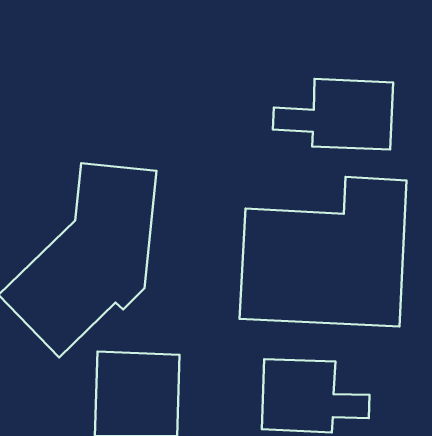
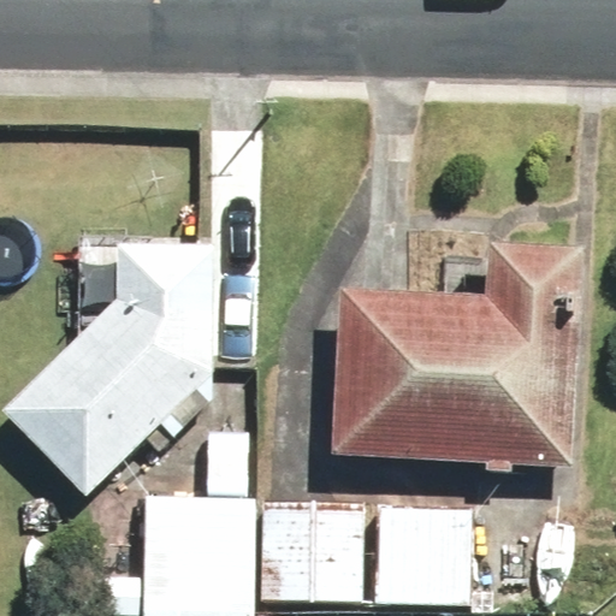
building: [273,79,393,149] -> none
building: none -> [256,502,363,604]

